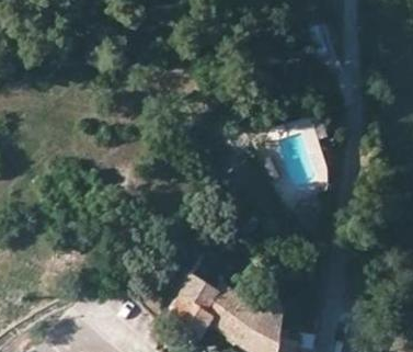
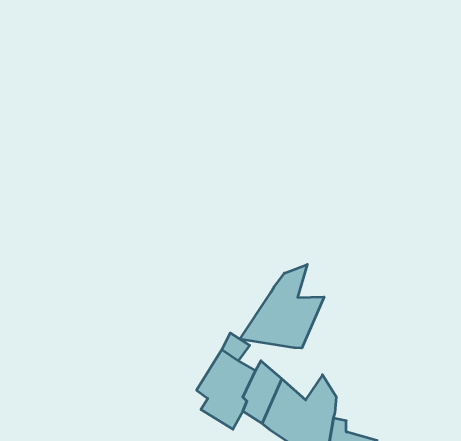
building: none -> [240,264,324,348]

